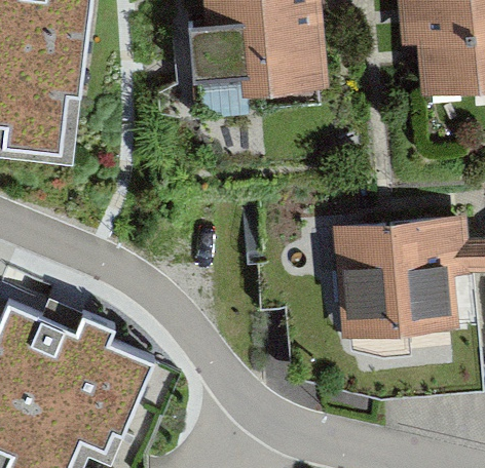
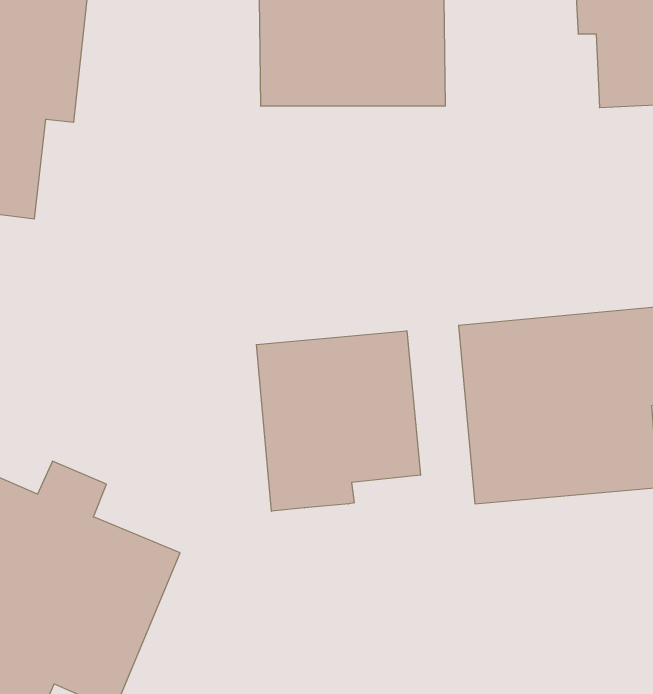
building: none -> [256,331,420,511]

